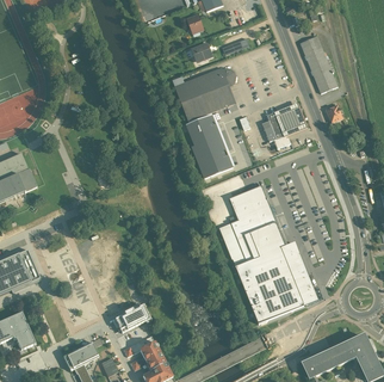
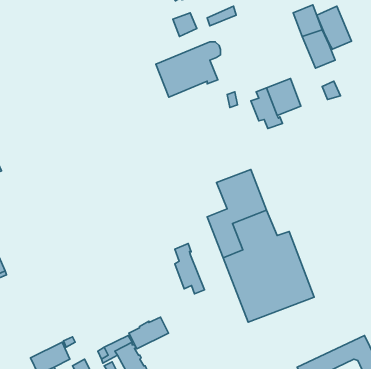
building: none -> [317,6,352,49]
building: [186,115,233,178] -> none
building: none -> [175,243,204,294]
building: [113,304,149,333] -> [129,317,168,349]

